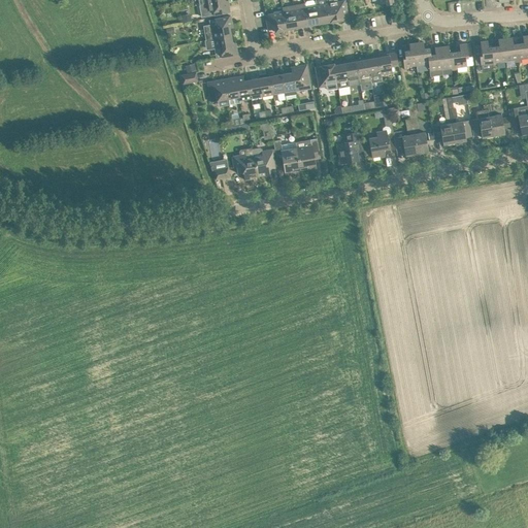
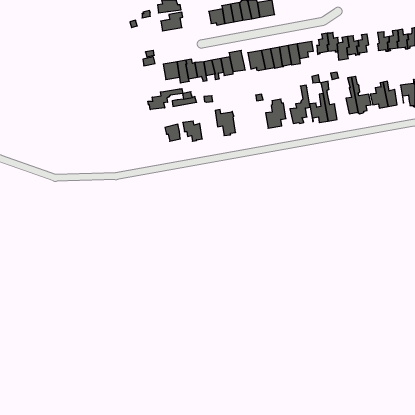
building: [205,35,237,57] -> none
building: none -> [148,89,183,110]
building: [296,138,320,169] -> none
building: [253,147,274,176] -> none

